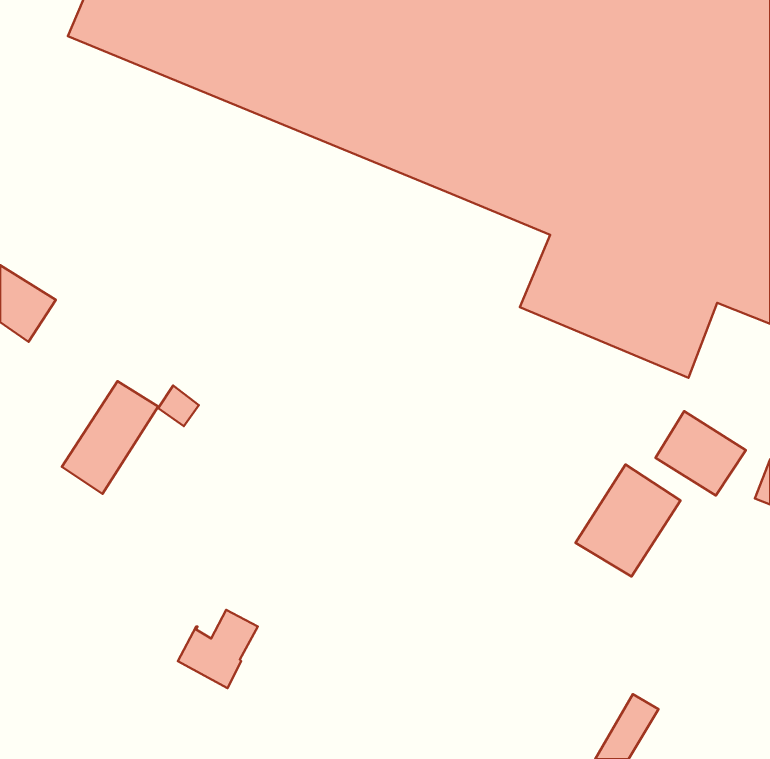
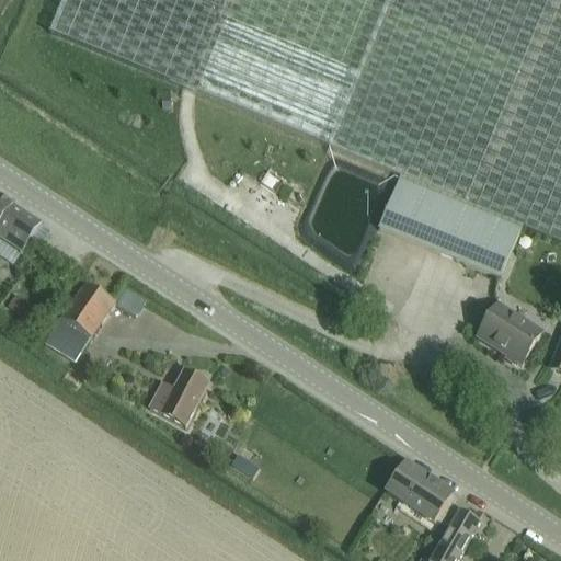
building: [576,464,680,576] -> none
building: [178,610,258,688] -> [149,366,207,423]
building: none -> [386,458,453,519]

